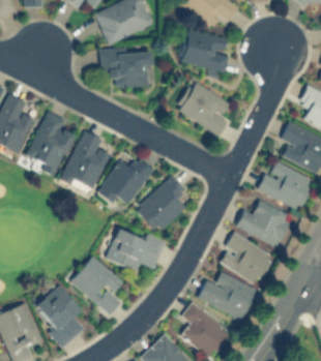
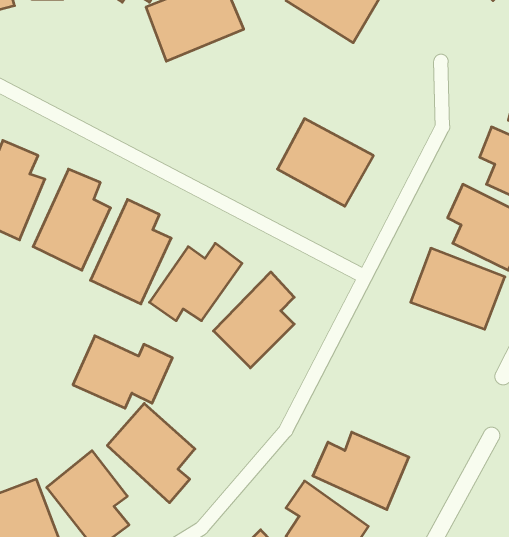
building: [178,29,229,73] -> none
building: [100,48,151,88] -> none
building: [235,201,293,247] -> none
building: [105,229,166,273] -> [73,336,172,408]
building: [216,233,273,285] -> none

